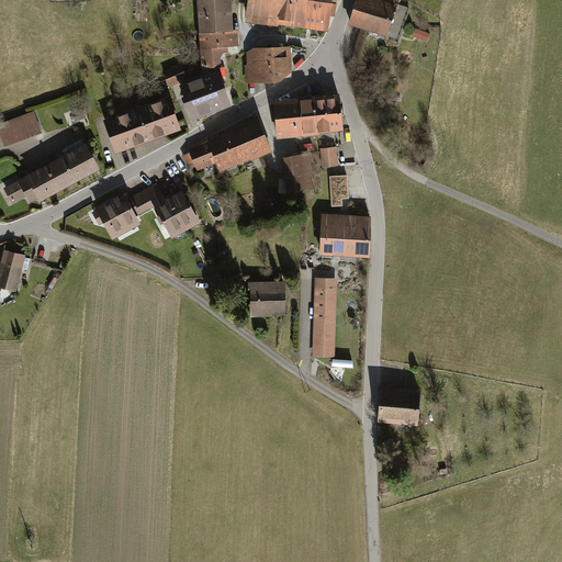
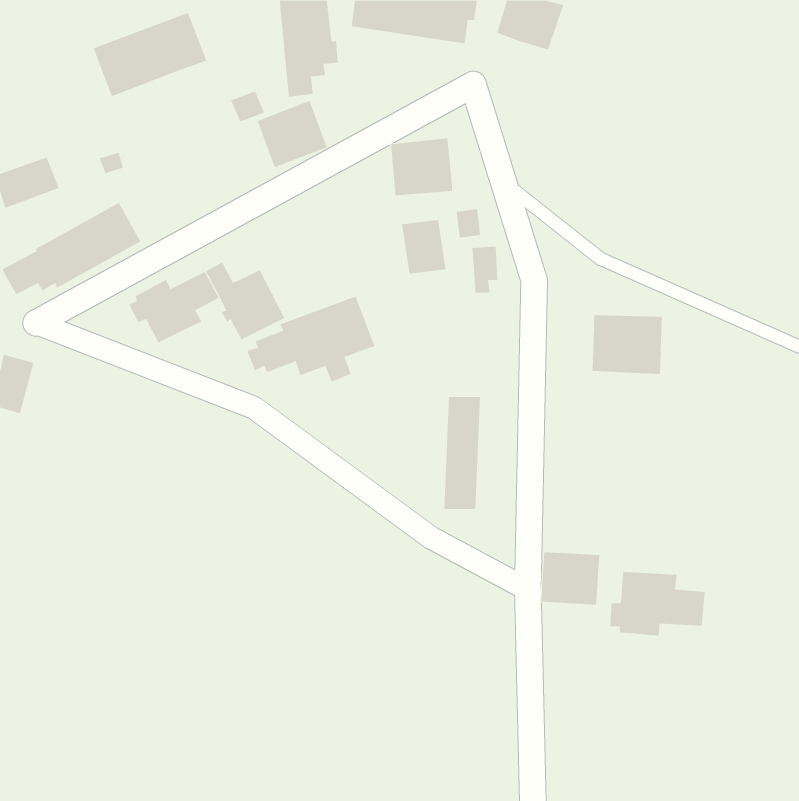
building: [244,47,290,81] -> none
building: [314,92,342,131] -> none
building: [102,93,182,153] -> [93,12,207,97]
building: [181,116,271,177] -> [247,296,375,382]
building: [319,214,369,256] -> [592,315,662,374]
building: [249,281,285,316] -> none
building: none -> [610,571,705,637]

